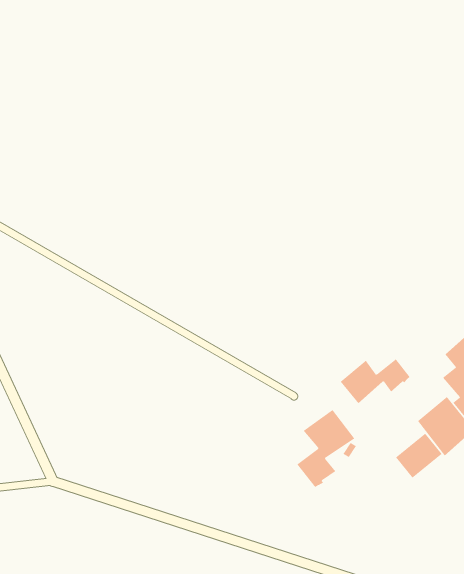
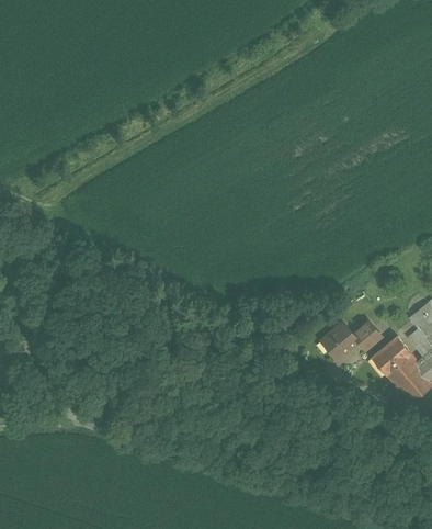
building: [297,409,355,488] -> none
building: [395,433,442,479] -> [373,336,412,374]

